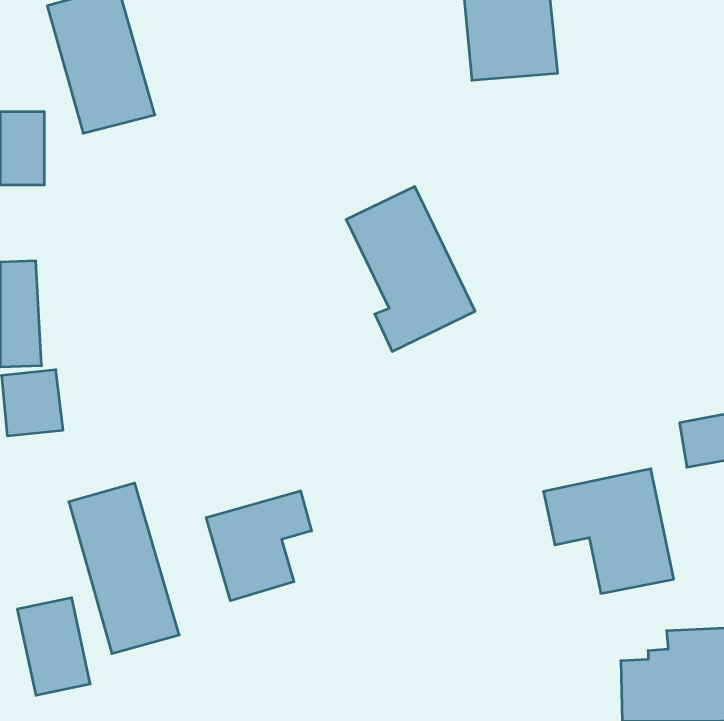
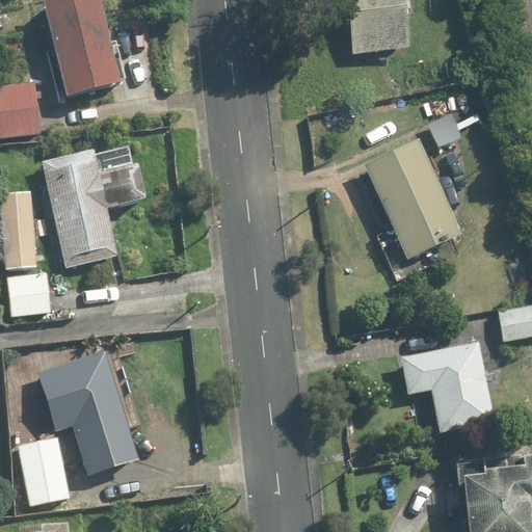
building: [346,187,475,351] -> [365,143,458,263]
building: none -> [41,151,142,268]
building: [206,491,312,601] -> none

